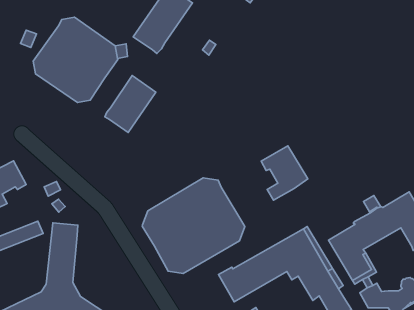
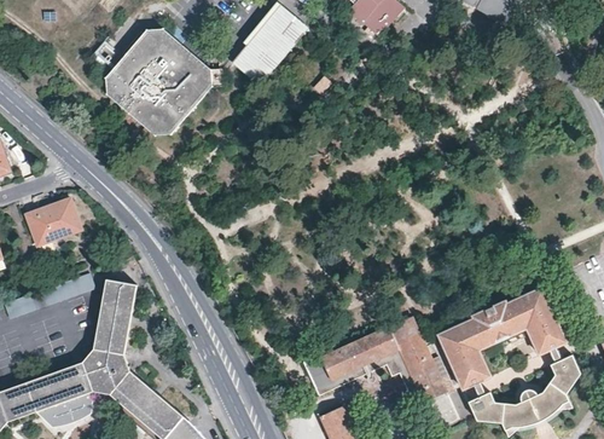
building: [105,76,156,133] -> none
building: [261,146,308,200] -> none
building: [142,178,245,273] -> none

